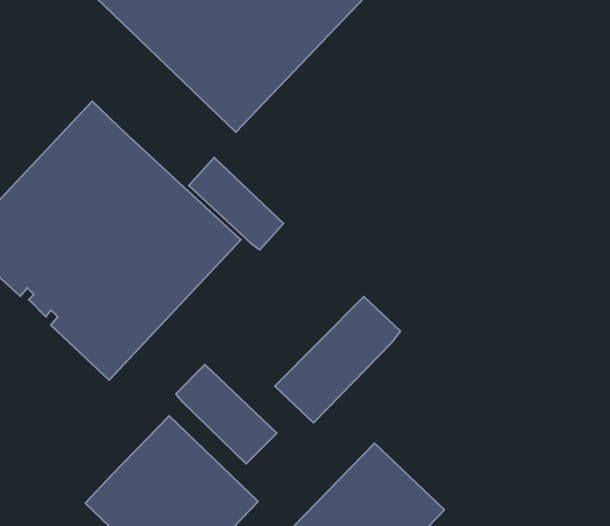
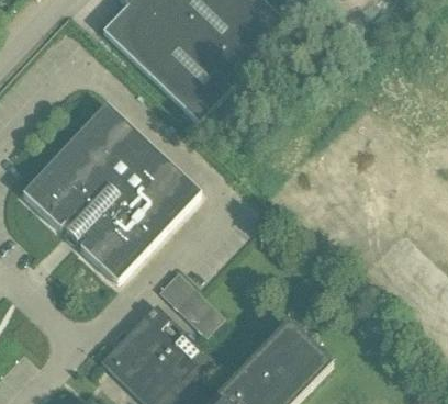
building: [189,157,284,250] -> none
building: [275,297,400,423] -> none

